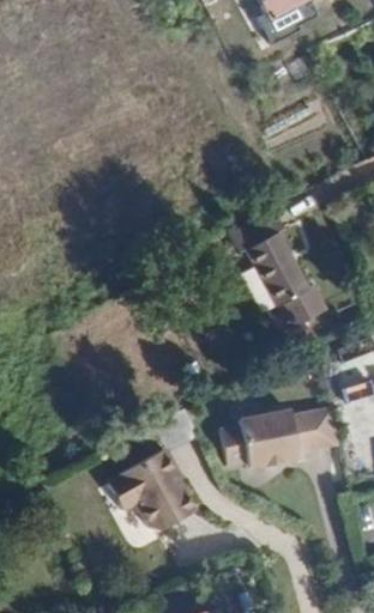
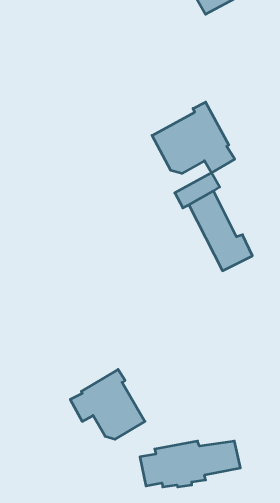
building: none -> [152,102,235,173]
building: [222,415,343,471] -> [140,441,240,487]

